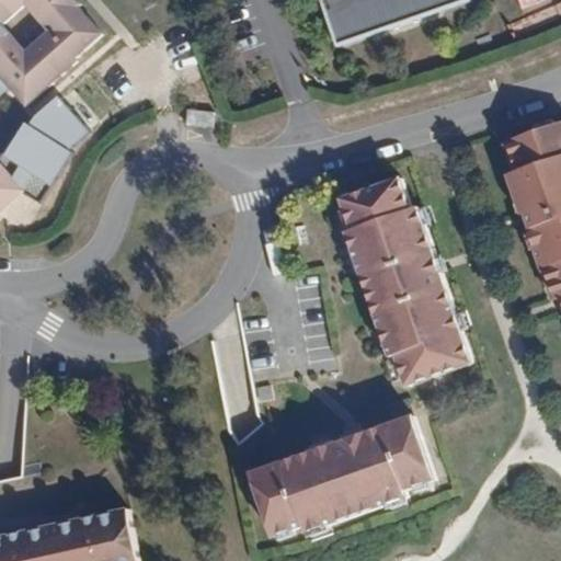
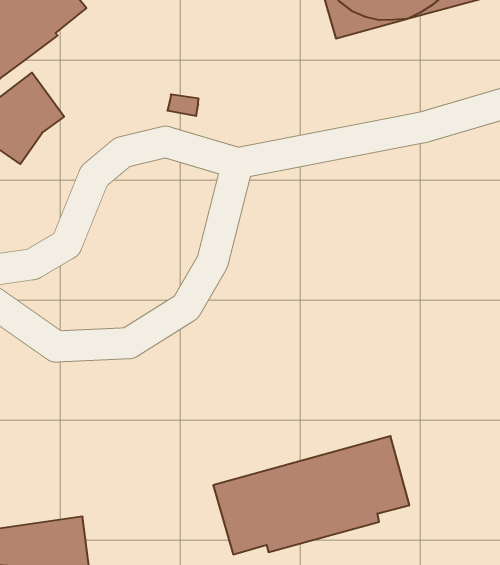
building: [337,178,469,385] -> none

